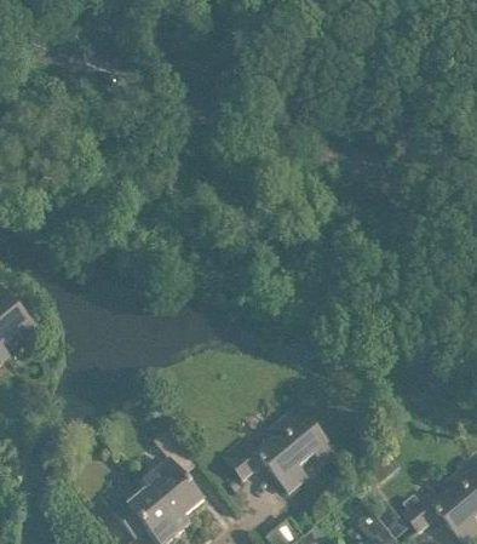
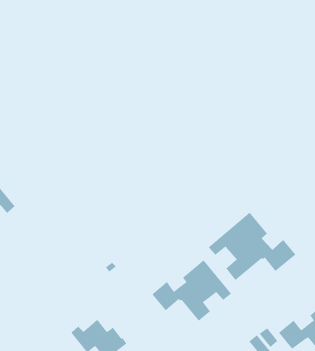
building: none -> [208,212,296,281]
building: [144,431,205,516] -> none

